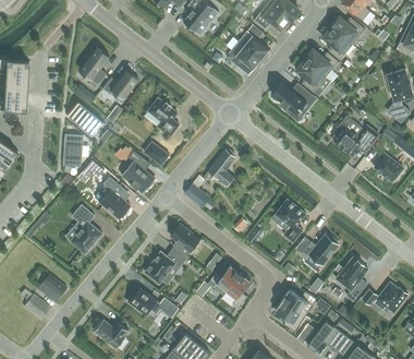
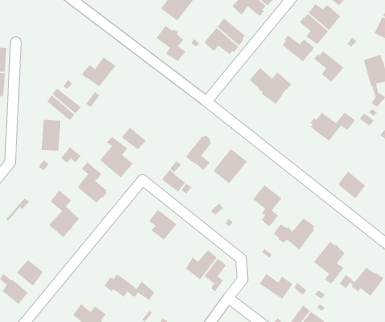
building: [78,47,109,84] -> none
building: [294,59,326,92] -> [313,50,345,83]
building: [147,97,179,135] -> [155,24,187,62]
building: [374,152,403,181] -> [337,170,366,200]
building: none -> [212,148,248,185]
building: [144,247,185,284] -> none
building: [275,299,305,332] -> none

